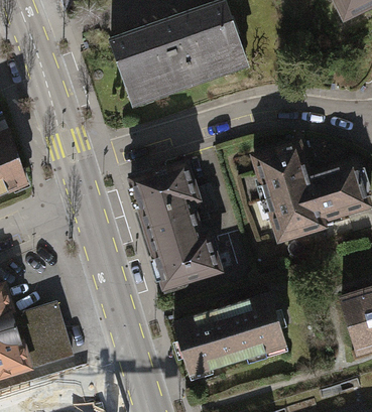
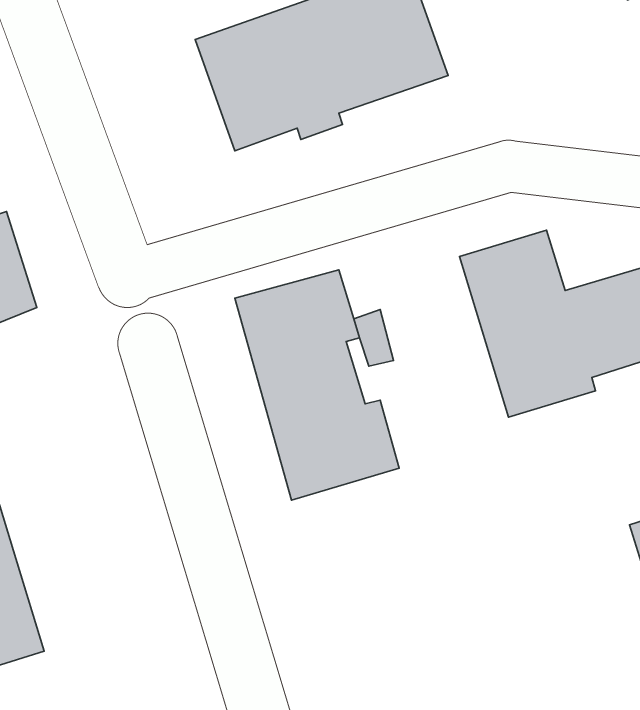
building: [175,293,288,375] -> none
building: [15,304,74,367] -> none

